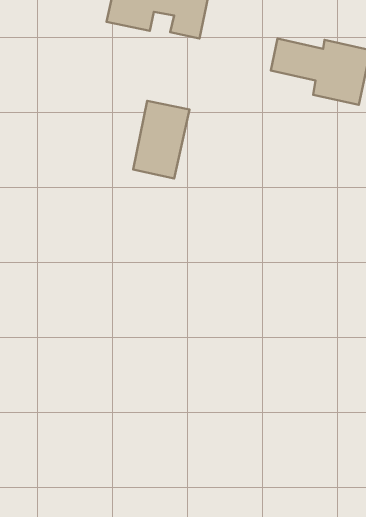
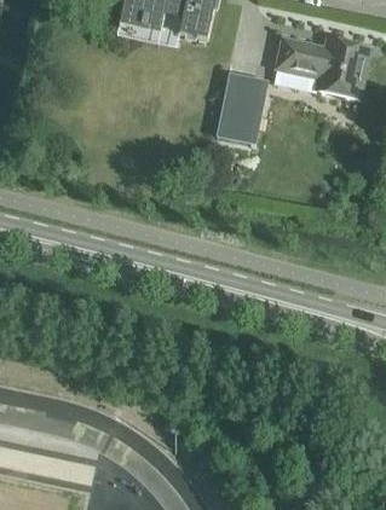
building: [133,101,189,179] -> [212,71,265,145]

